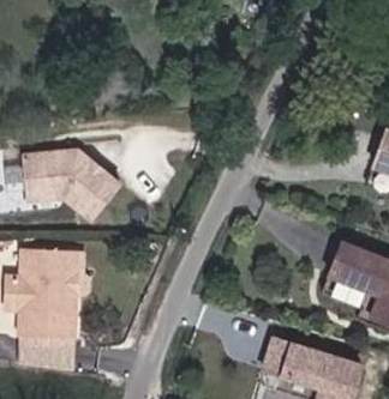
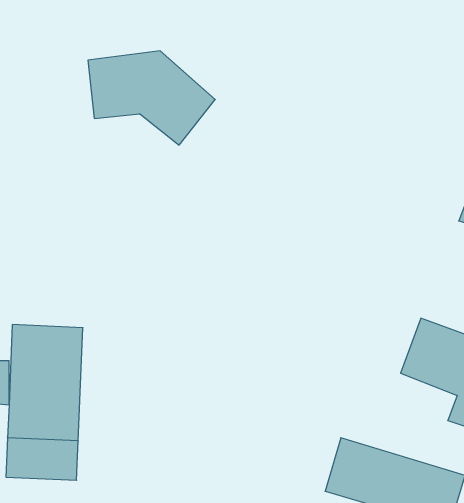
building: [22,147,119,219] -> [88,51,215,145]

